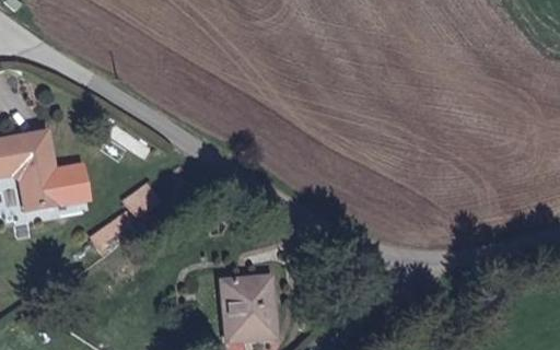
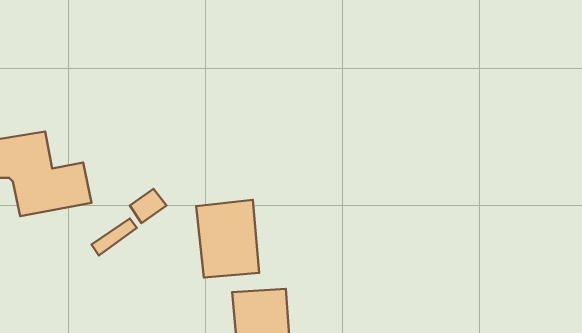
building: none -> [196,200,259,278]

